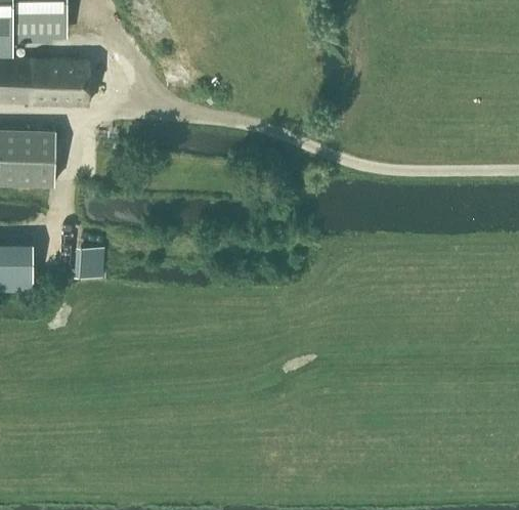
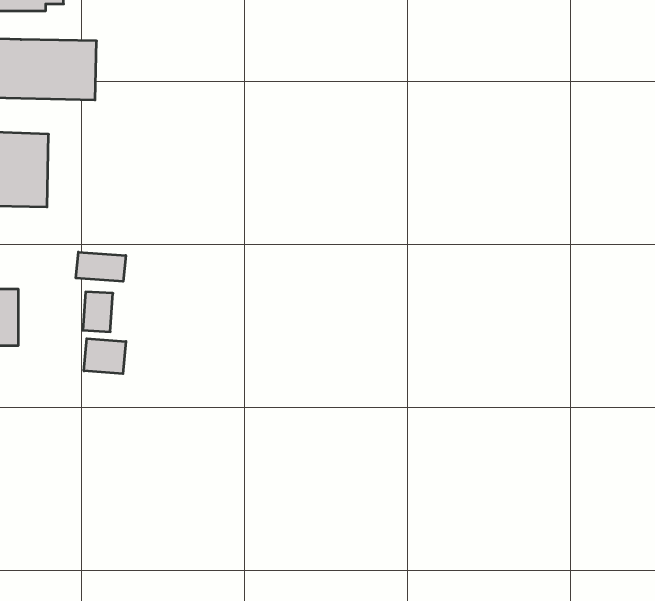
building: none -> [76,252,126,281]
building: none -> [84,339,126,374]

